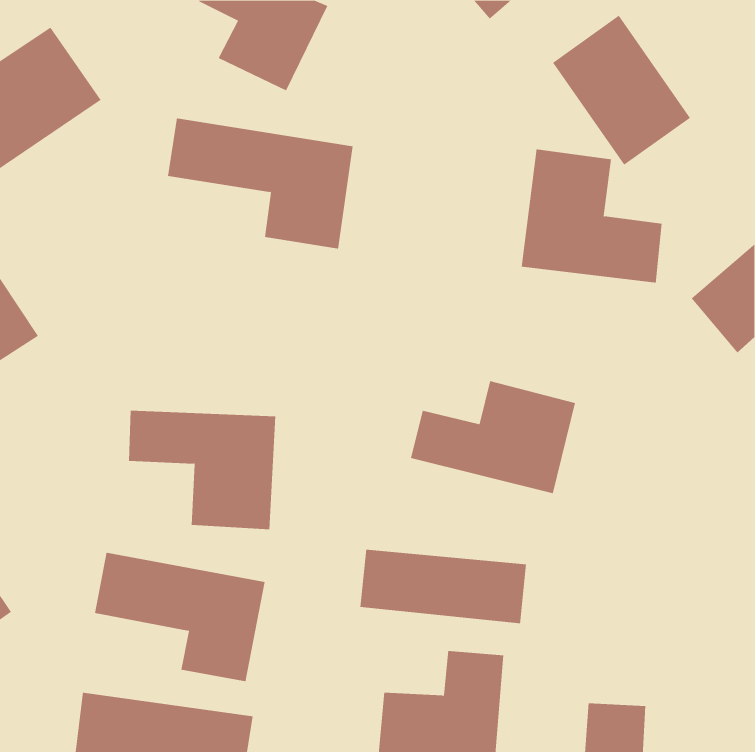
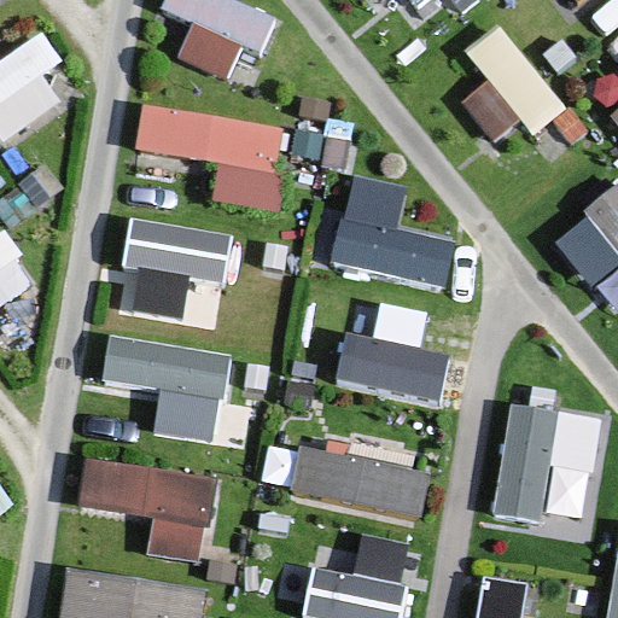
building: [521,149,663,283] -> [336,175,450,284]
building: none -> [113,215,235,316]
building: none -> [489,401,605,535]

